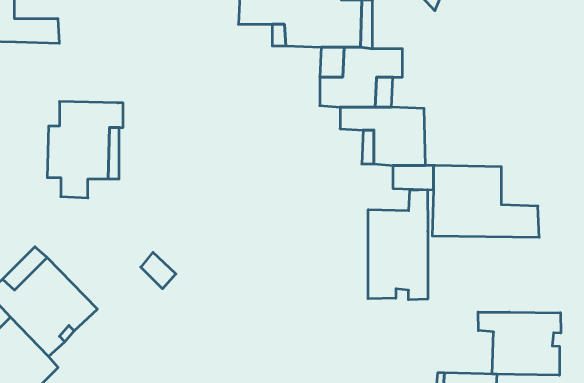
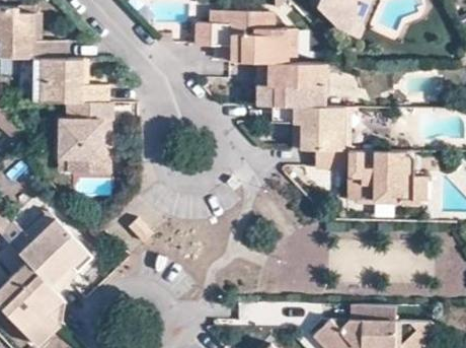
building: none -> [33,59,109,105]
building: [368,190,428,300] -> none
building: [478,312,561,375] -> none

